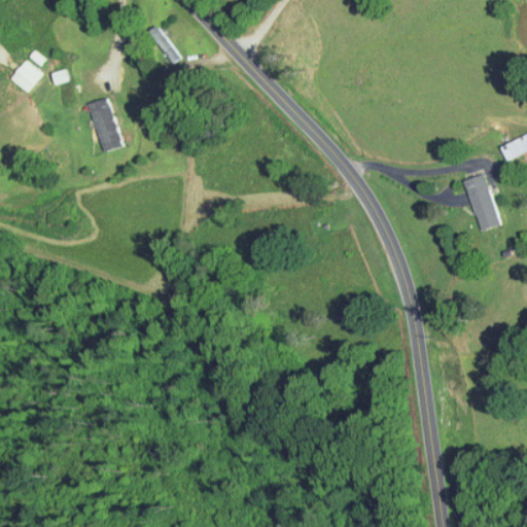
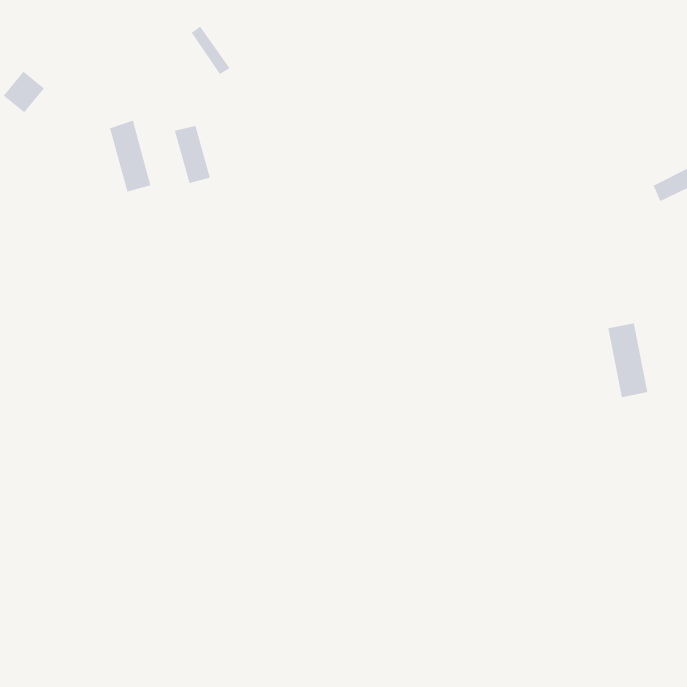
building: none -> [174,125,210,184]
building: [466,175,497,232] -> [607,323,648,398]

